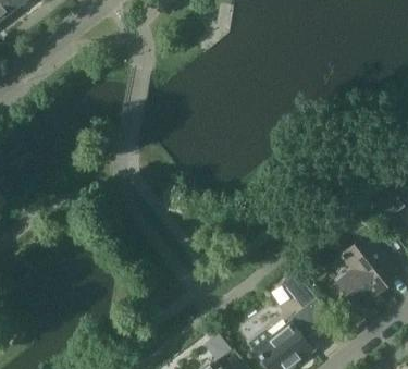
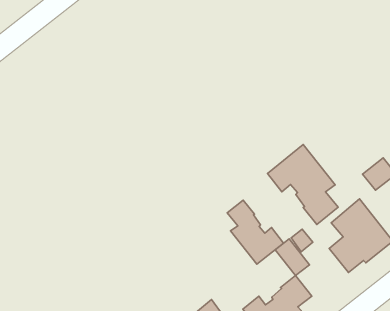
building: none -> [267,145,338,224]
building: none -> [227,200,283,264]

